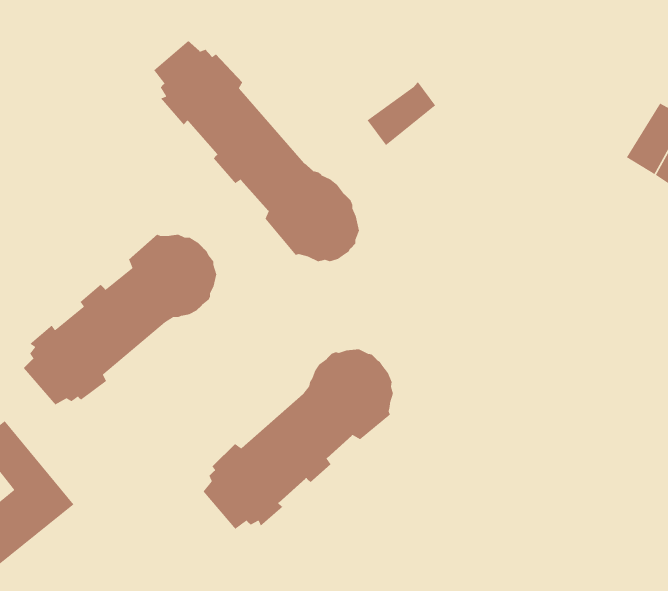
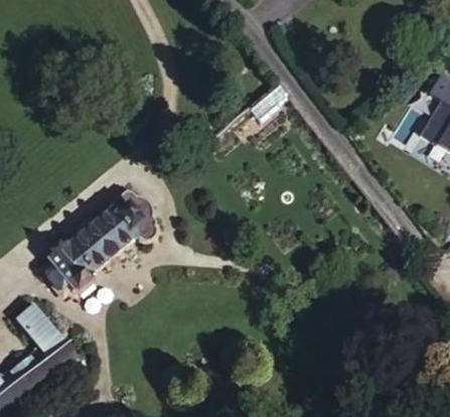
building: [153,40,360,262] -> none
building: [203,349,394,530] -> none

